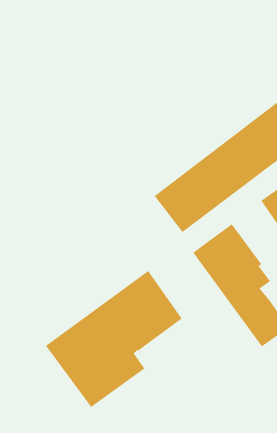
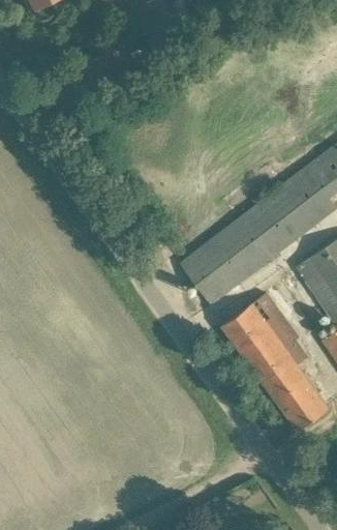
building: [45,270,182,408] -> none

